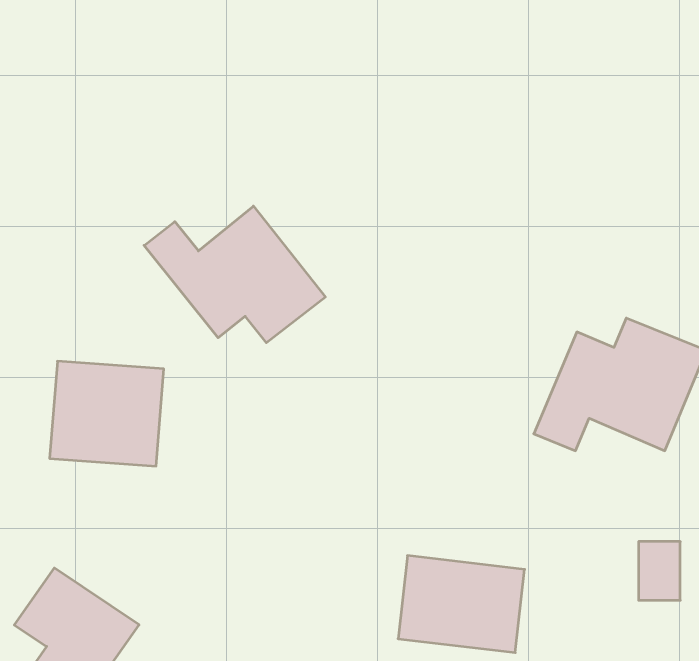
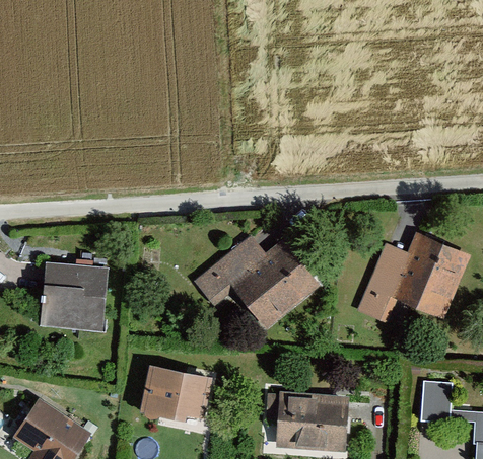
building: [144,206,325,343] -> none
building: none -> [195,242,321,336]
building: none -> [133,363,210,427]

